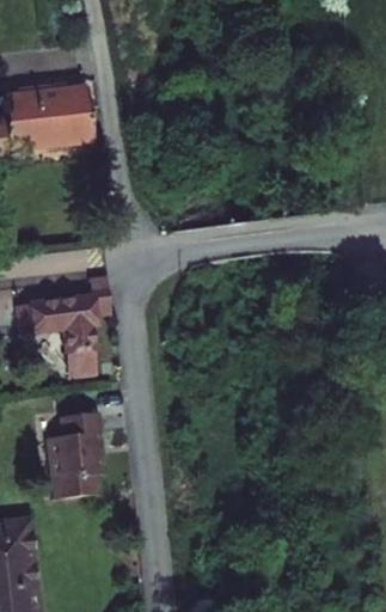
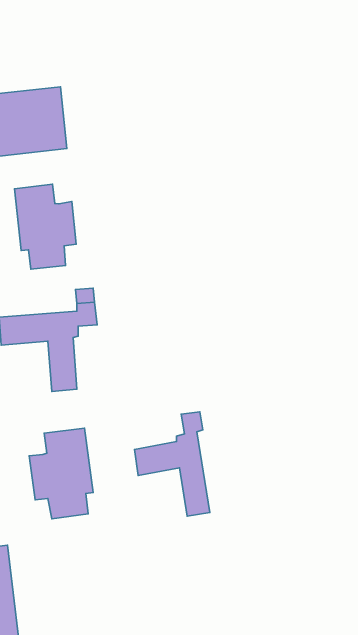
building: none -> [14,184,76,269]
building: none -> [134,412,210,516]

